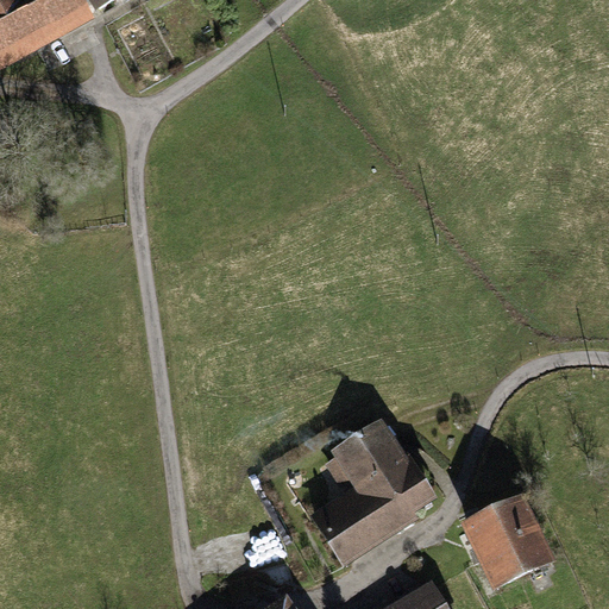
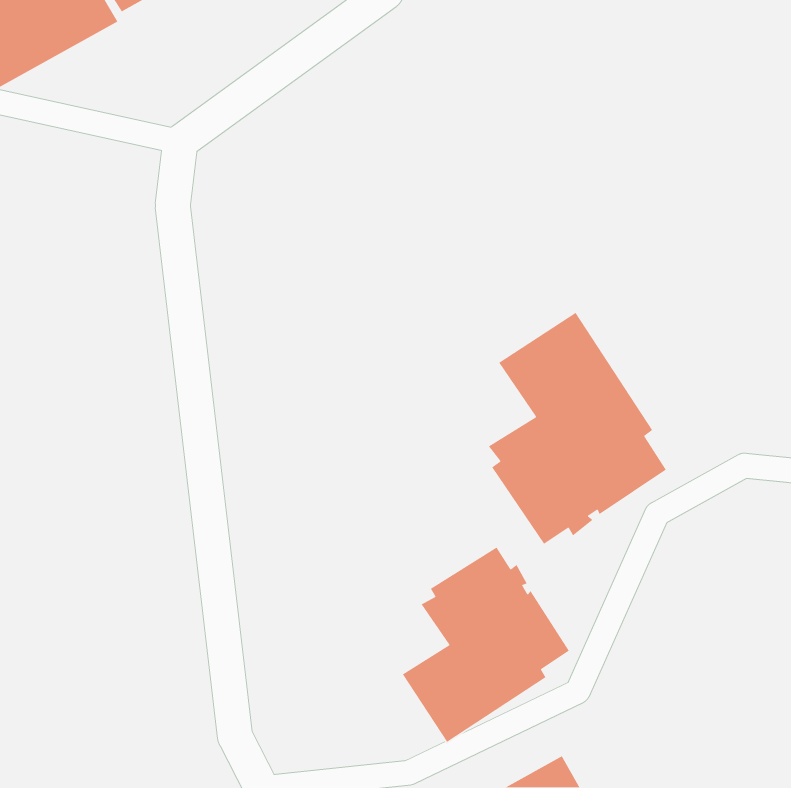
building: none -> [488,312,667,545]
building: [459,492,555,591] -> none

